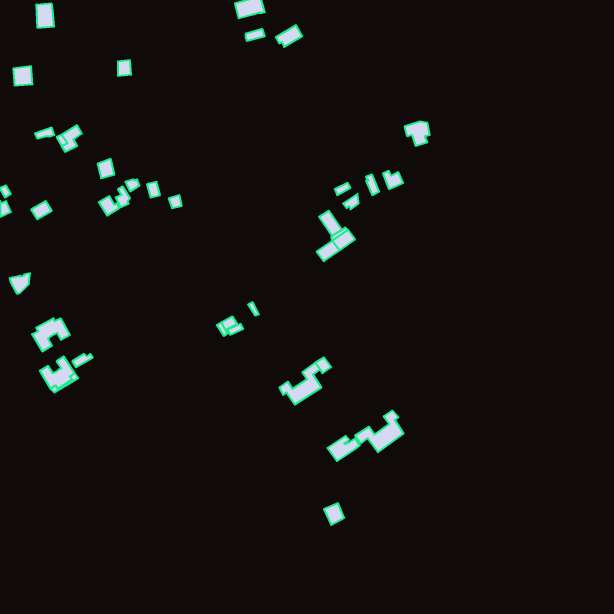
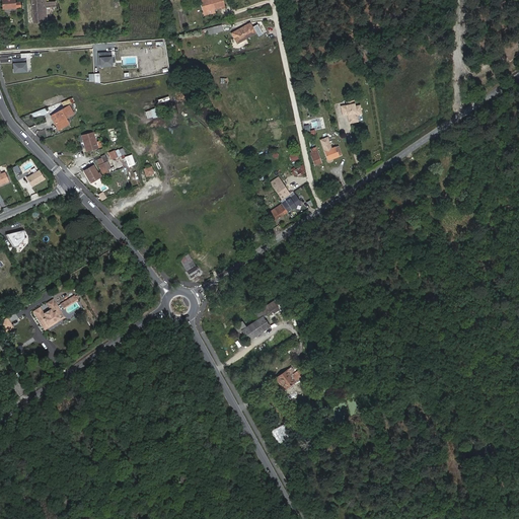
building: [32,318,70,352] -> none
building: [355,411,404,452] -> none

